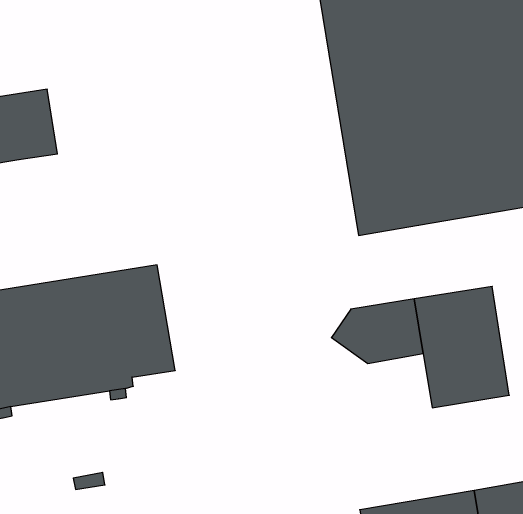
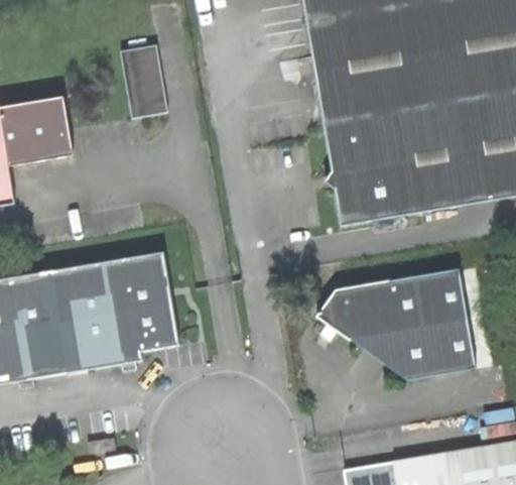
building: none -> [120,43,170,118]
building: none -> [350,331,407,379]

